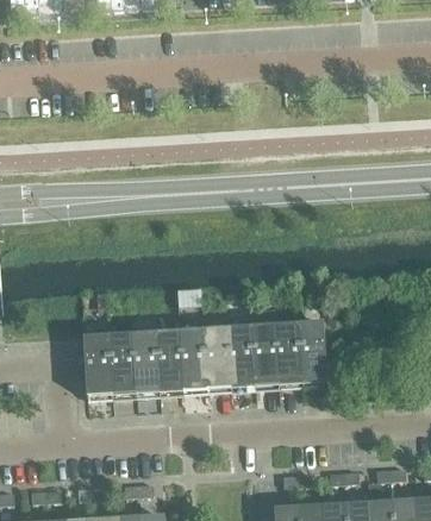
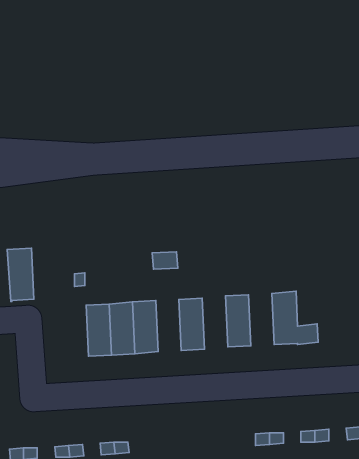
building: [276,328,302,382] -> none
building: [229,331,255,385] -> none
building: [181,334,207,388] -> none
building: [85,340,112,395] -> [7,248,34,302]

